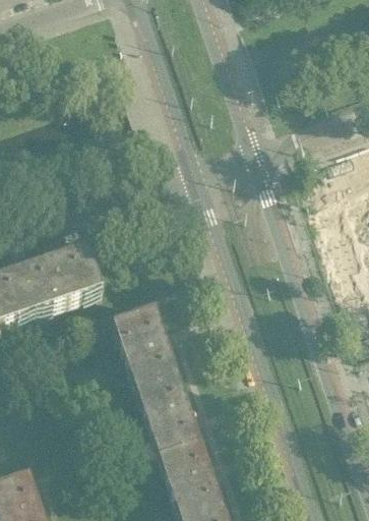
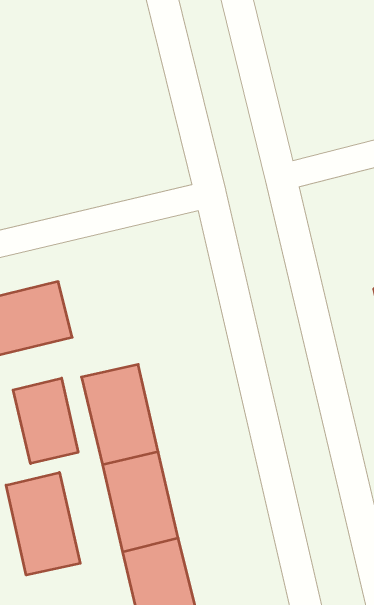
building: none -> [13,378,78,464]
building: none -> [6,472,80,575]

